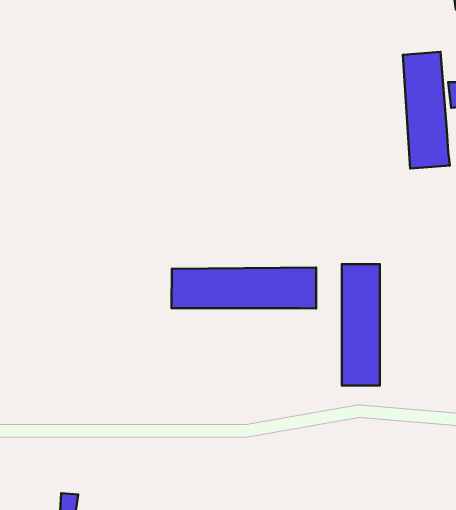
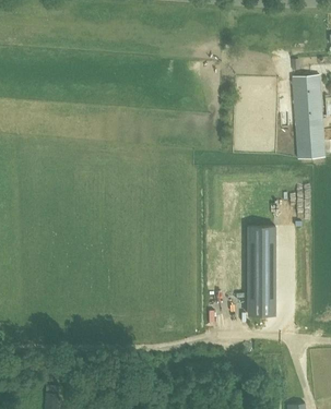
building: [172,268,316,309] -> none

